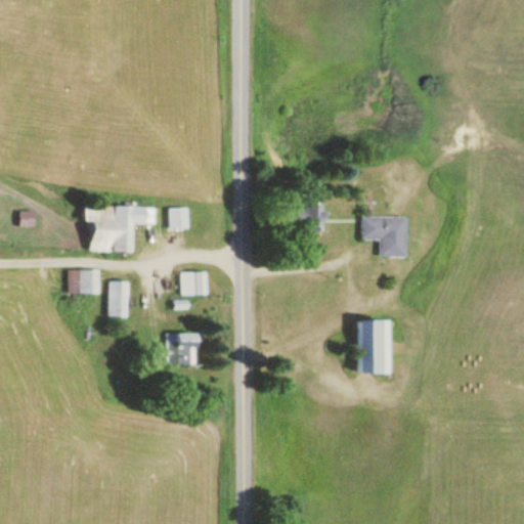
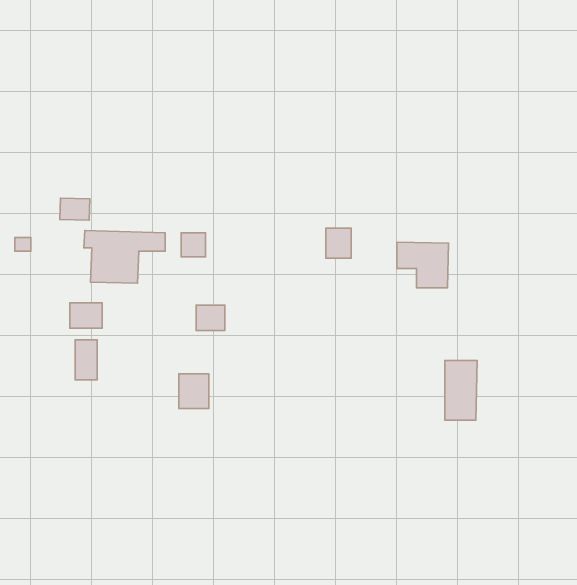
building: none -> [60,198,90,220]
building: [111,281,130,317] -> [75,340,97,380]
building: [357,321,386,375] -> [445,361,477,420]

